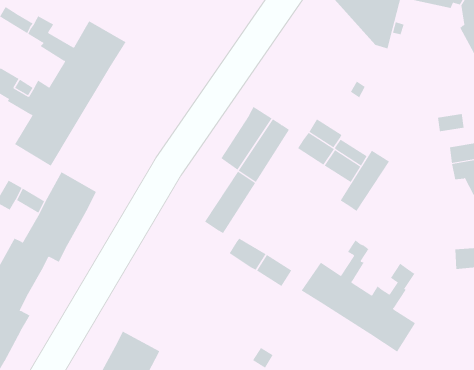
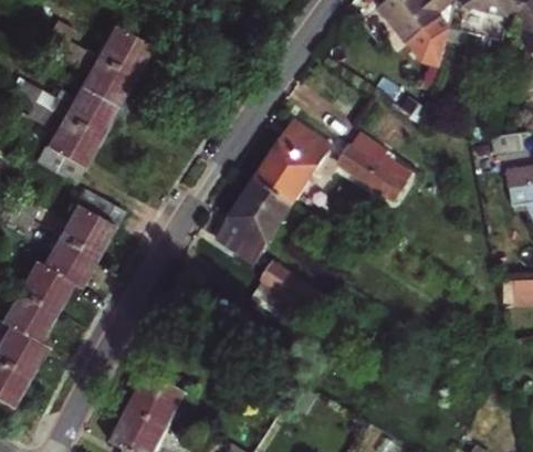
building: [340,150,390,212] -> none
building: none -> [218,180,273,249]
building: [301,240,416,352] -> none

